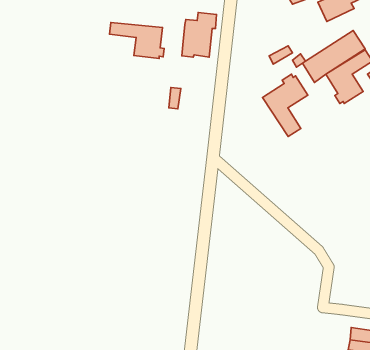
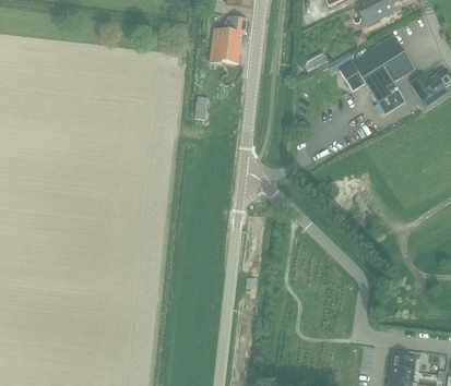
building: [109,22,164,58] -> none
building: [262,74,308,136] -> none

